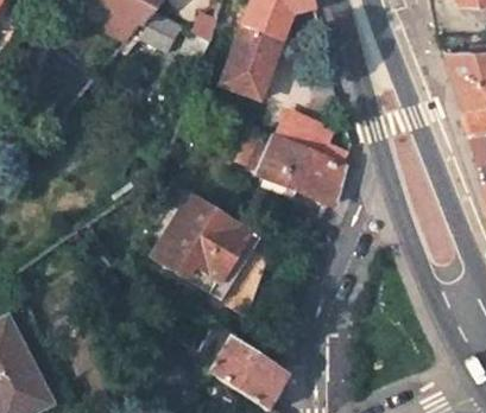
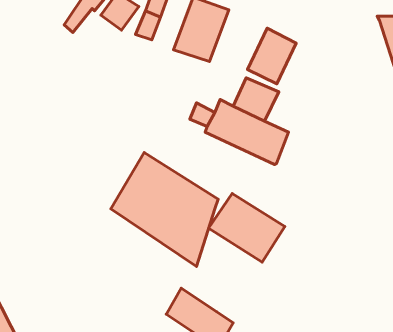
building: none -> [248,28,296,84]
building: none -> [209,194,285,262]

